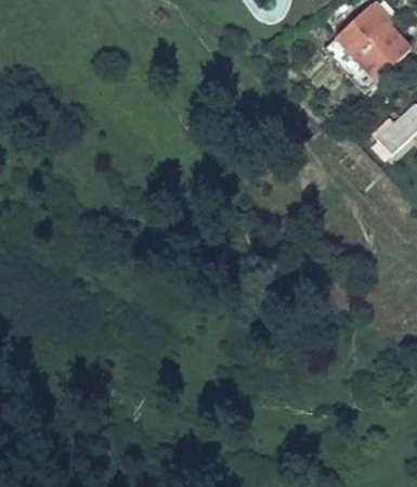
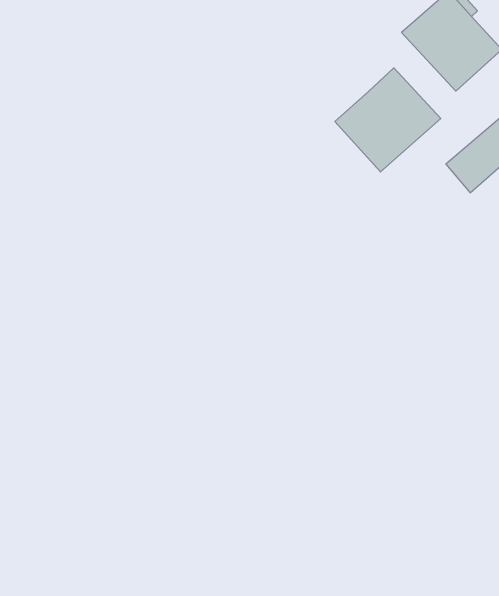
building: none -> [335,68,441,172]

